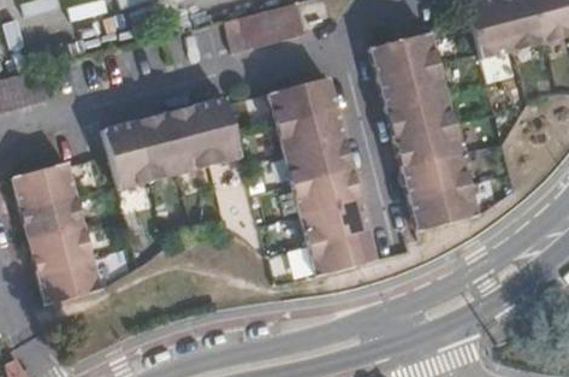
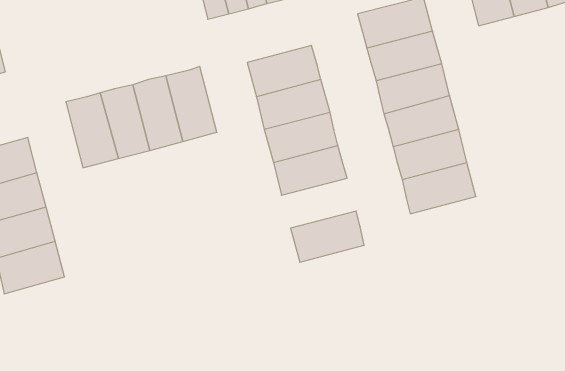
building: [300,199,368,245] -> none

